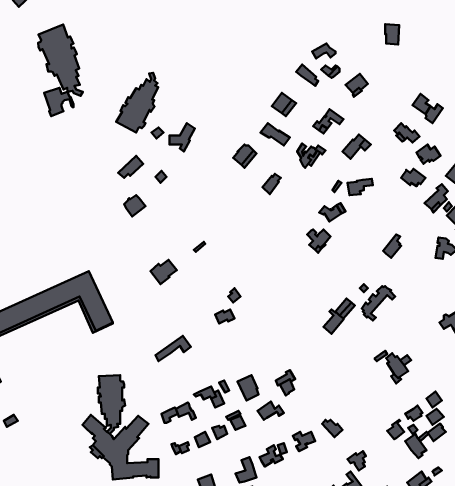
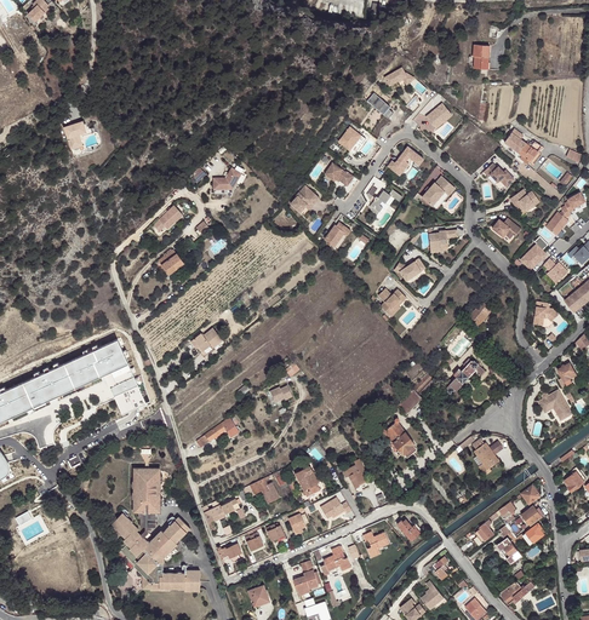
building: [38,24,83,96] -> none
building: [116,73,158,133] -> none
building: none -> [382,420,418,458]

